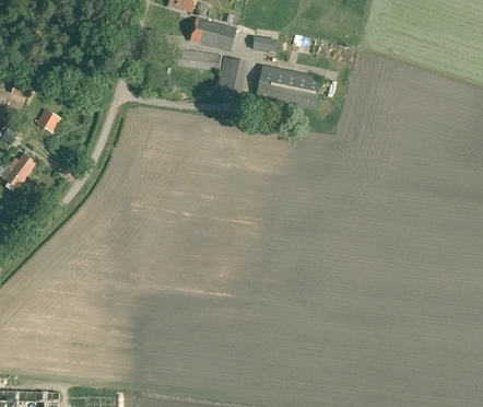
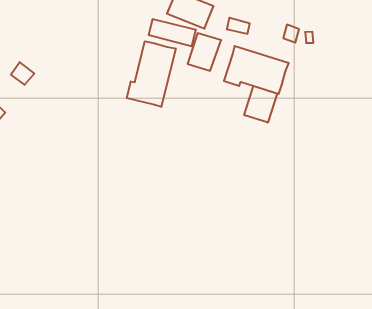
building: none -> [127,41,176,107]
building: none -> [244,86,277,123]

